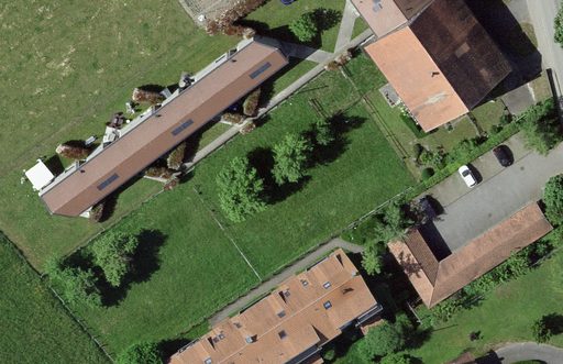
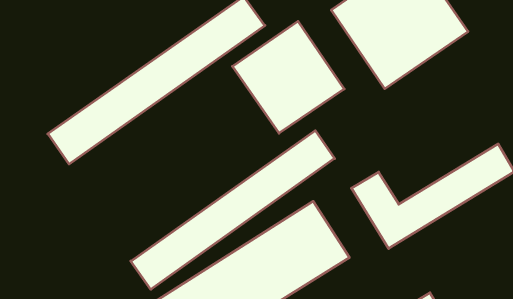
building: none -> [232,21,344,133]
building: none -> [131,131,335,289]

